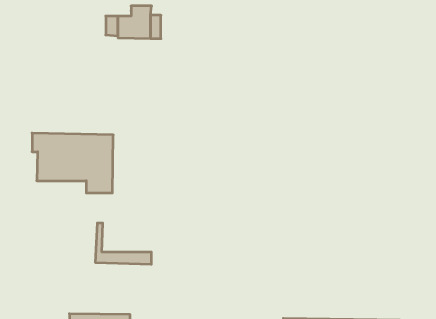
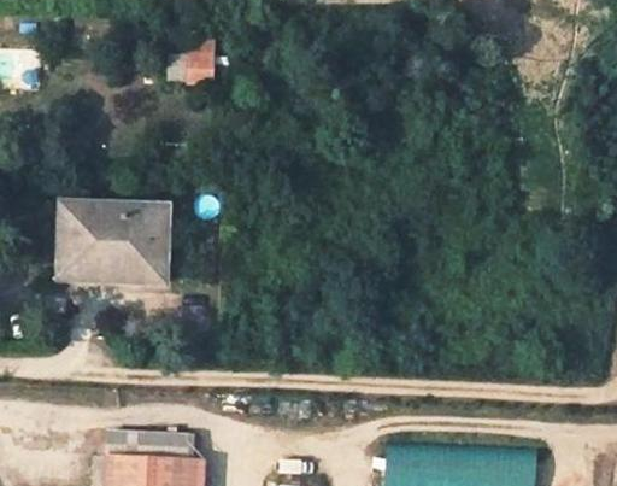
building: [95,223,151,264] -> [57,229,129,282]

